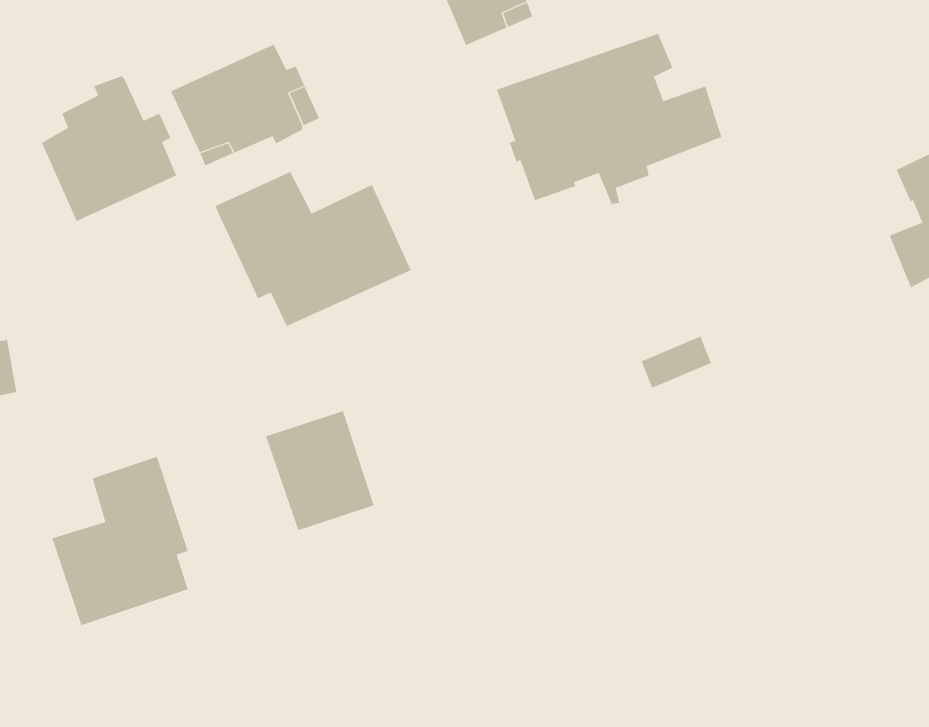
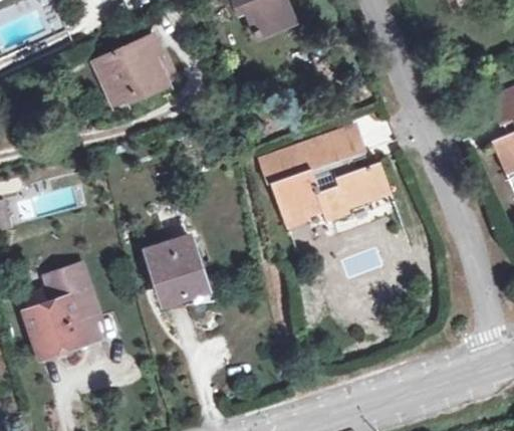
building: [496,33,722,205] -> [265,133,390,227]
building: [41,76,177,222] -> none
building: [215,171,412,327] -> none

